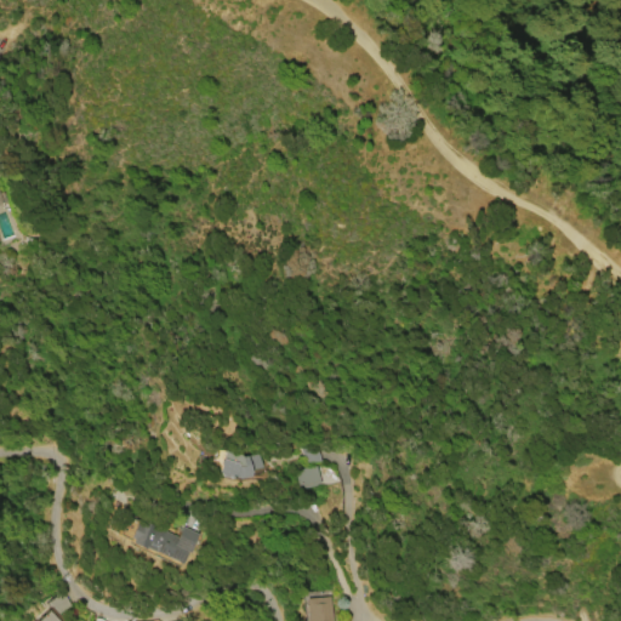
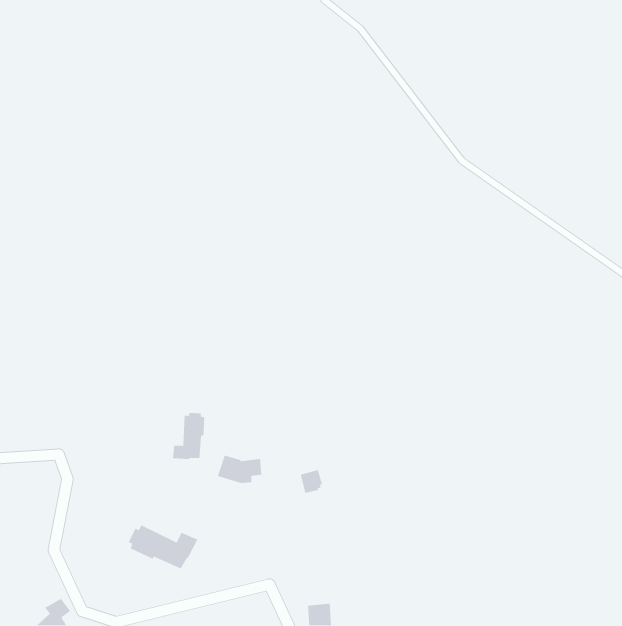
building: none -> [172,412,205,460]

